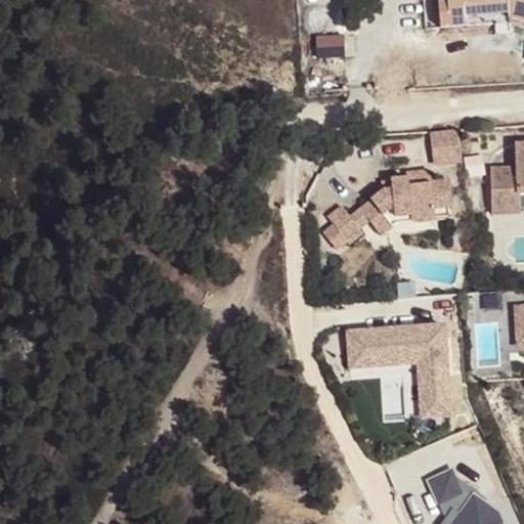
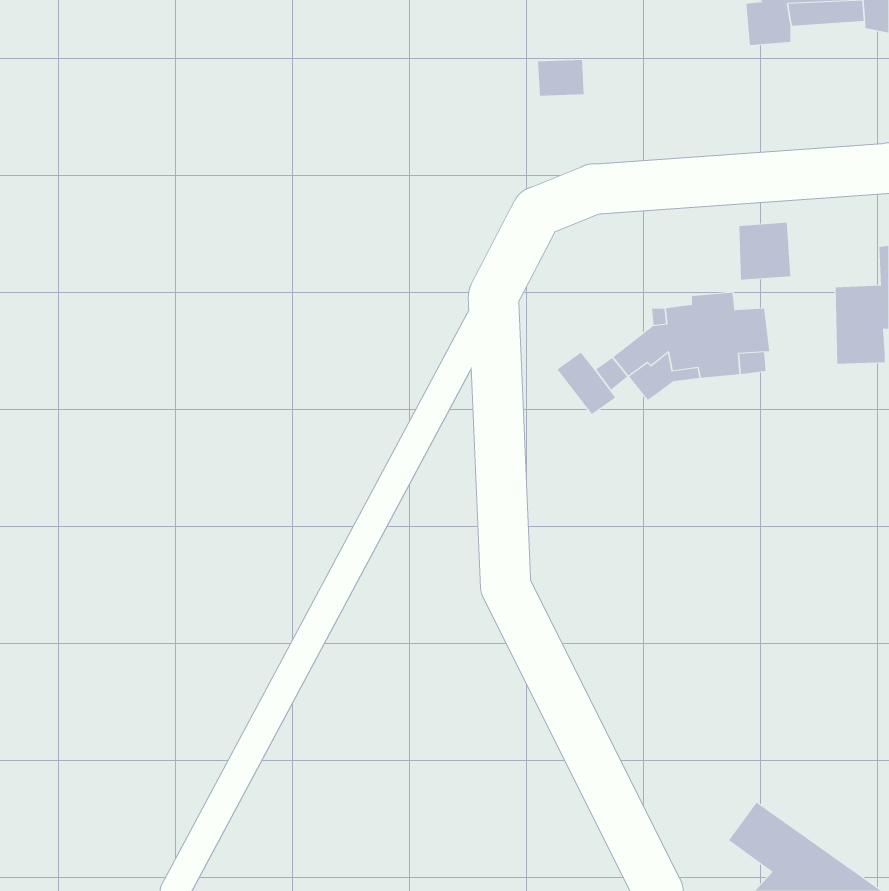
building: [348,323,461,416] -> none

